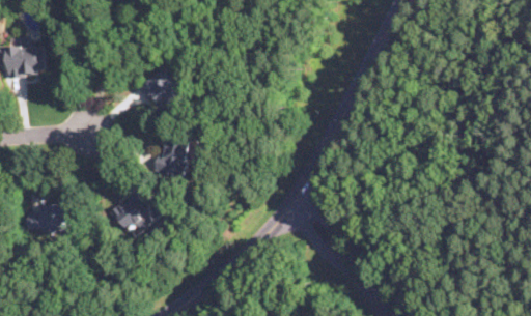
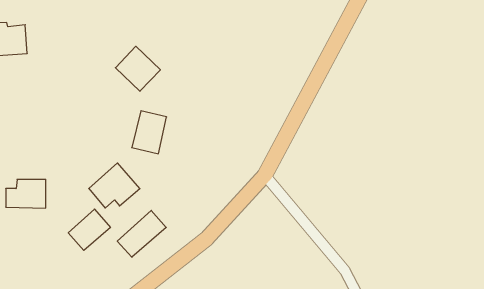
building: none -> [68,209,110,250]
building: none -> [117,210,166,257]

